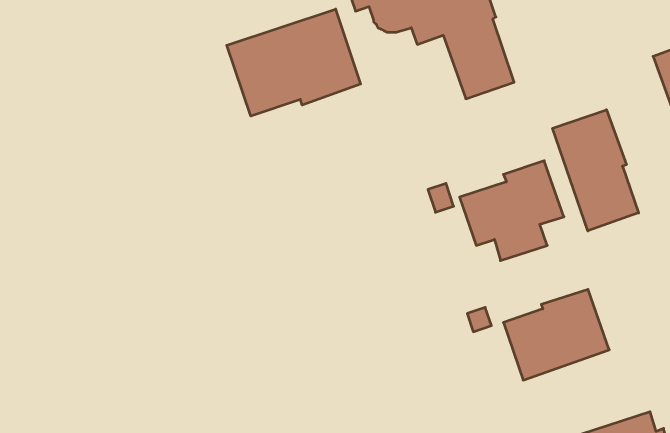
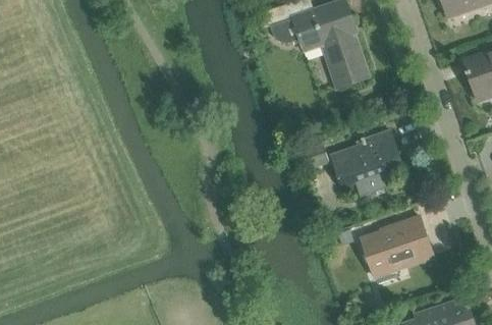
building: [227,9,361,116] -> none
building: [553,110,639,231] -> none

